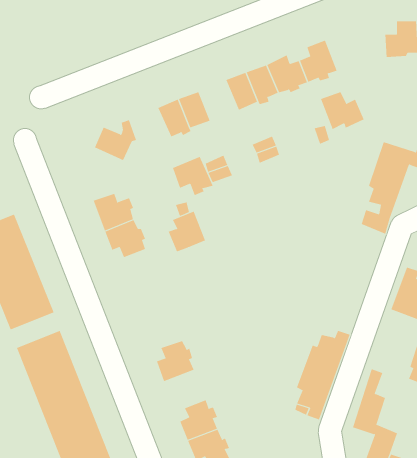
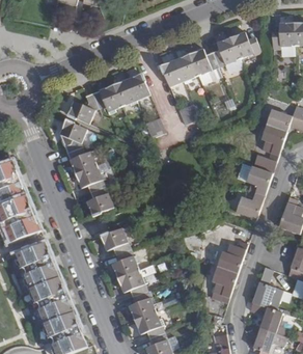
building: [320,92,364,130] -> [230,32,261,59]
building: none -> [59,118,86,151]
building: [172,156,213,196] -> [92,85,121,113]
building: [168,211,206,252] -> [85,185,112,214]
building: none -> [235,166,273,221]
building: none -> [100,226,130,254]
building: none -> [116,270,146,297]

